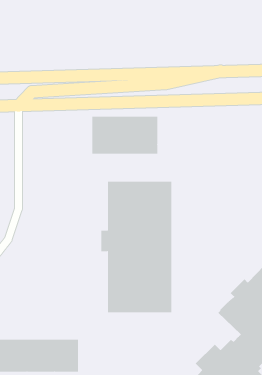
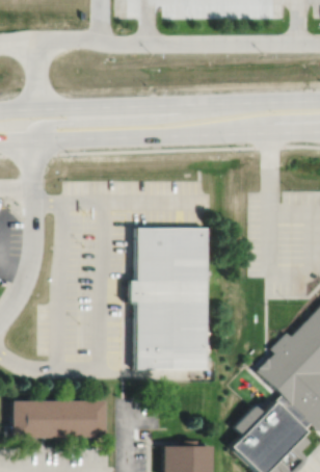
building: [92,116,158,154] -> none

